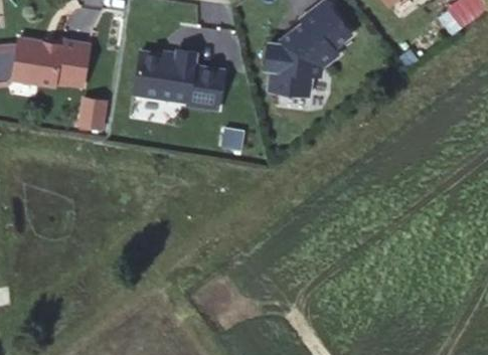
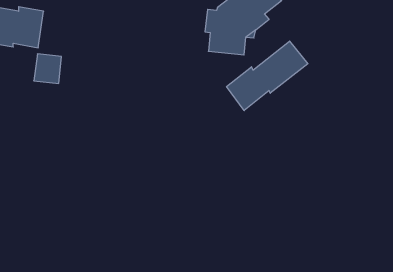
building: [132,49,222,110] -> none
building: none -> [227,41,308,111]

